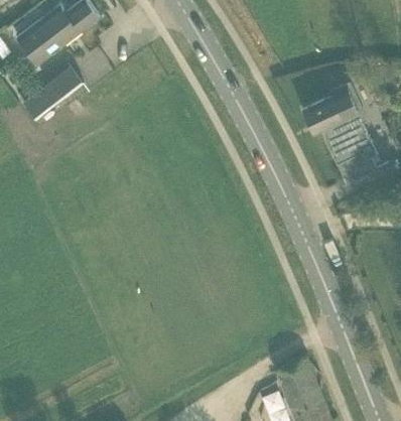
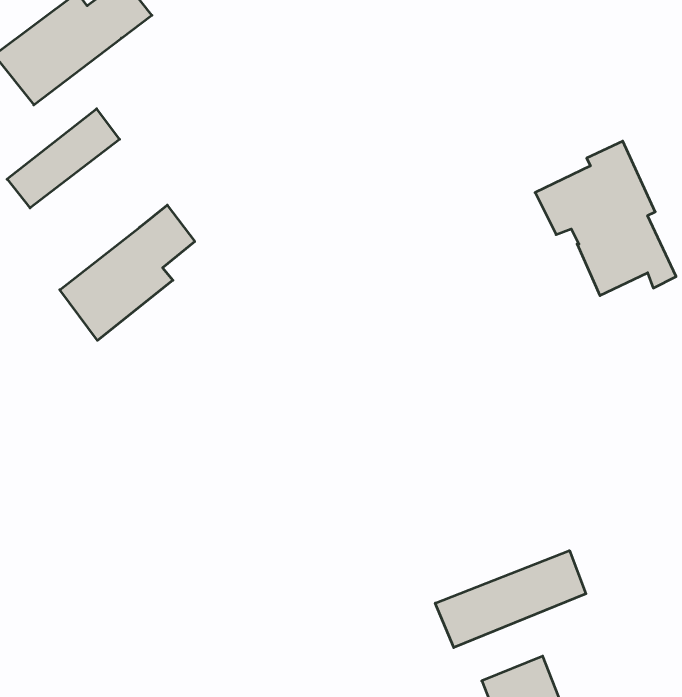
building: none -> [60,205,195,340]
building: none -> [435,551,586,648]

